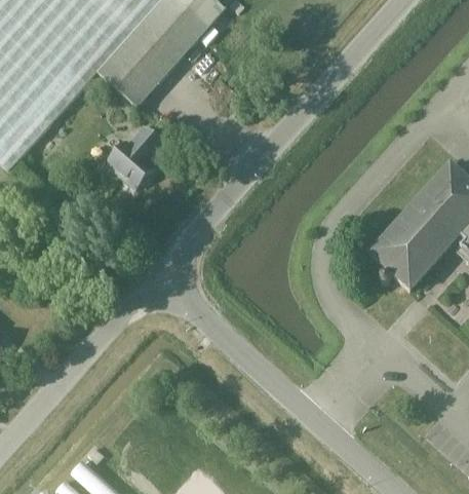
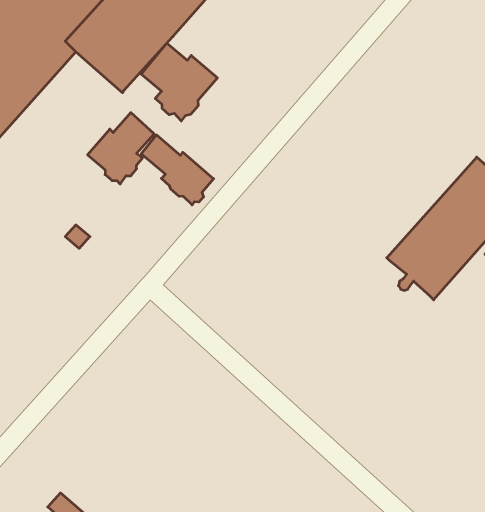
building: none -> [141,43,217,121]
building: none -> [141,135,214,205]

